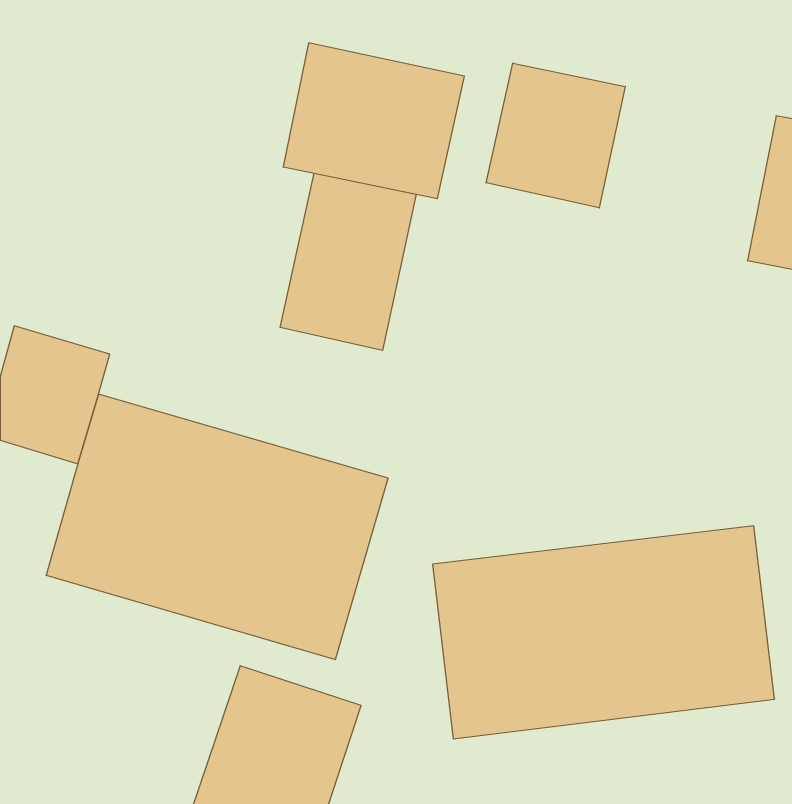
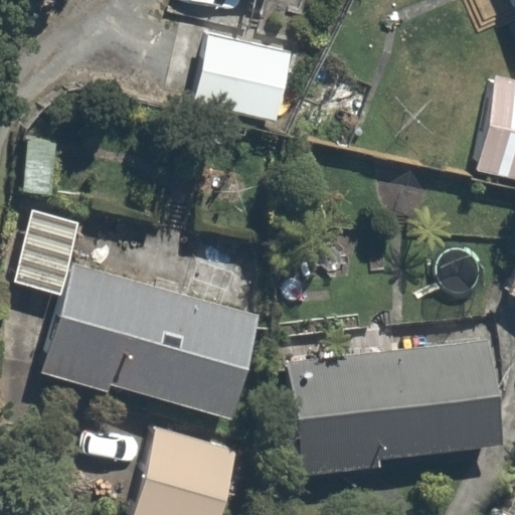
building: [486,63,625,208] -> none
building: [280,173,416,350] -> none

